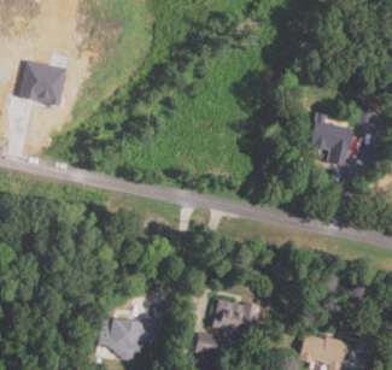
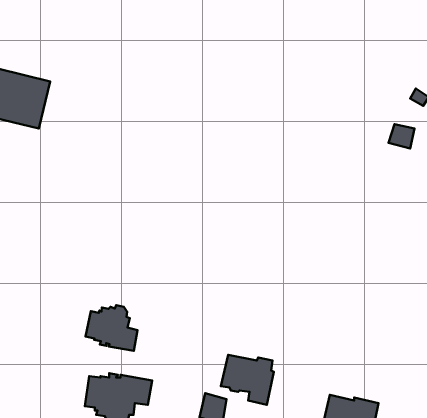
building: [308,113,352,168] -> none
building: none -> [85,305,138,351]

